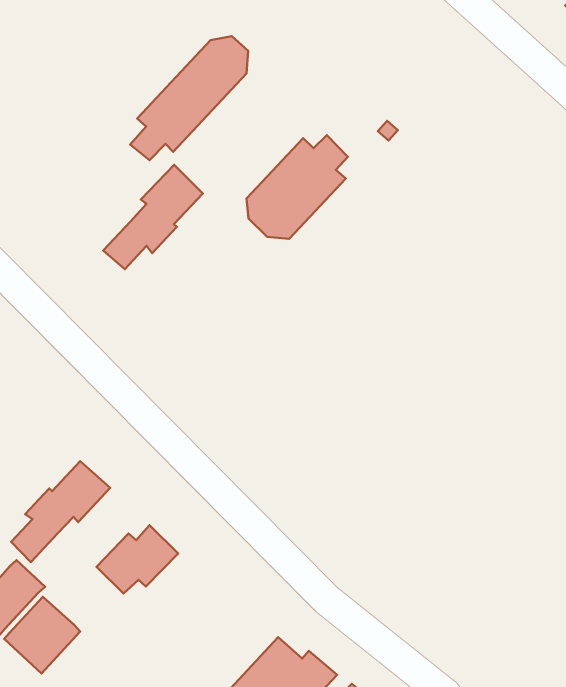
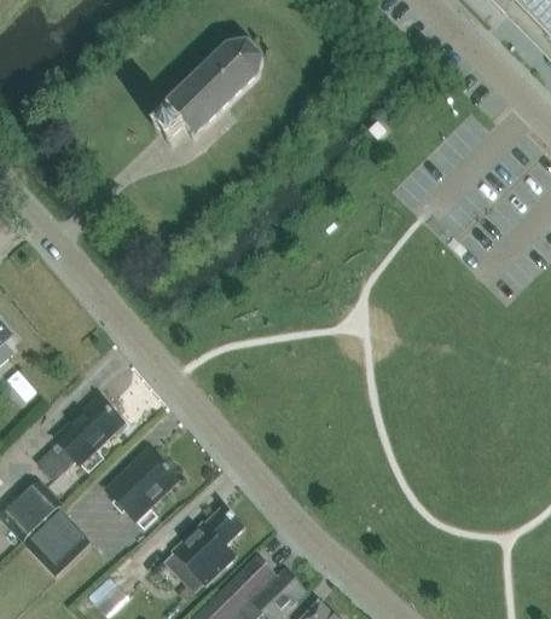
building: [247,135,348,239] -> none
building: [103,165,203,269] -> none
building: none -> [173,507,244,585]

